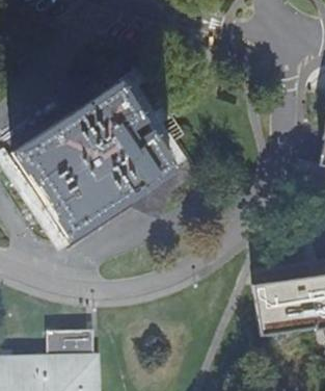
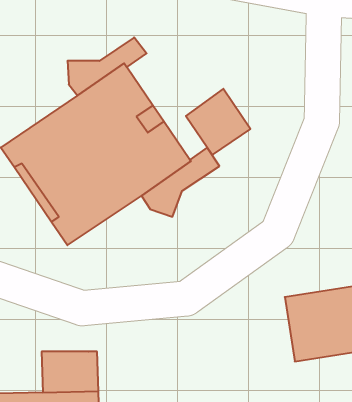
building: none -> [186,89,250,155]

